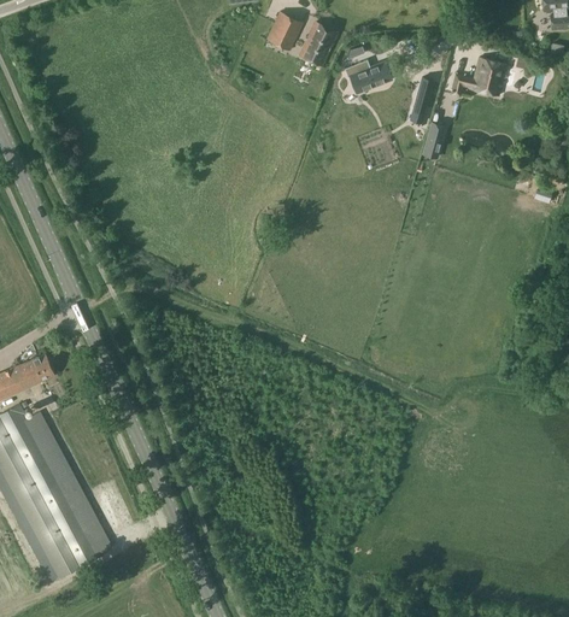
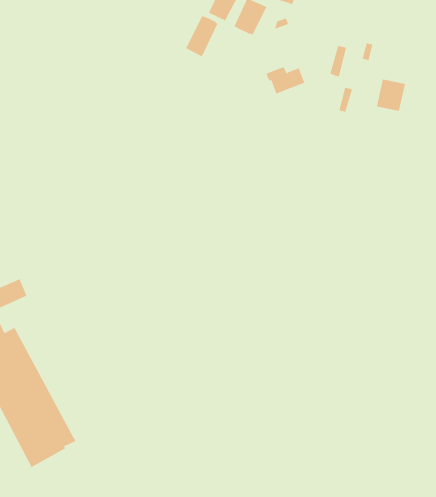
building: none -> [185,15,218,57]
building: [470,58,505,96] -> [376,79,406,111]
building: [344,60,391,93] -> [266,67,305,94]

